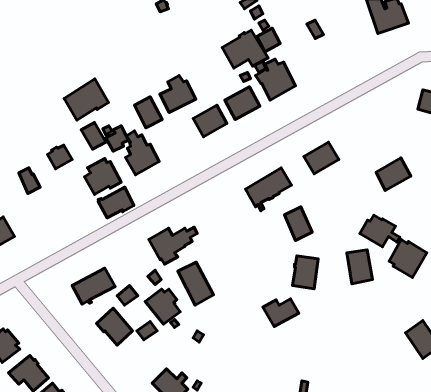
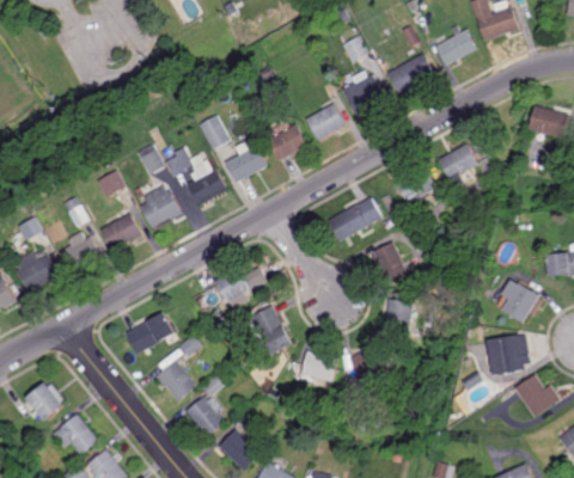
building: none -> [433,23,476,65]
building: [222,30,268,68] -> none
building: none -> [386,53,434,94]
building: [160,76,196,113] -> [226,139,268,182]
building: [64,79,108,120] -> none
building: [376,158,411,191] -> [439,142,480,180]
building: [98,187,134,218] -> [100,213,142,249]
building: none -> [59,231,102,274]
building: [360,215,400,247] -> none
building: [347,250,372,284] -> [494,335,524,374]
building: [145,289,180,324] -> [185,397,226,437]
building: none -> [300,350,336,387]

